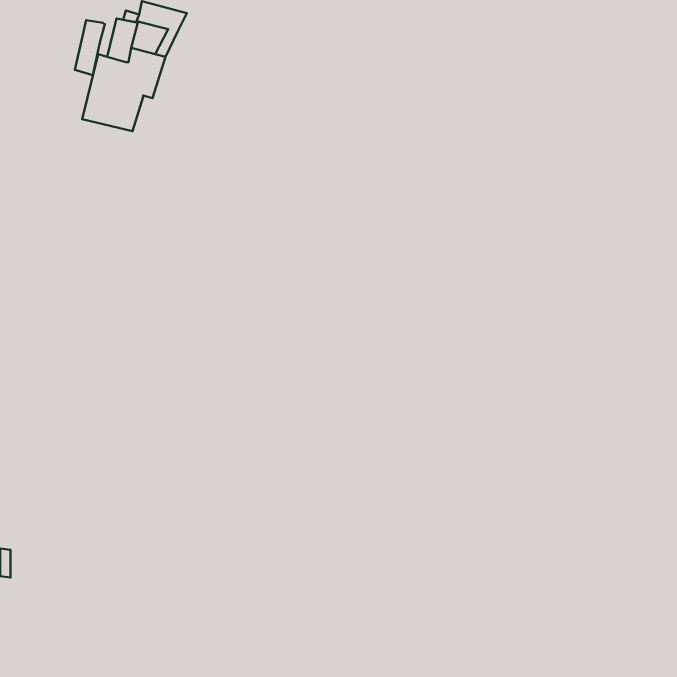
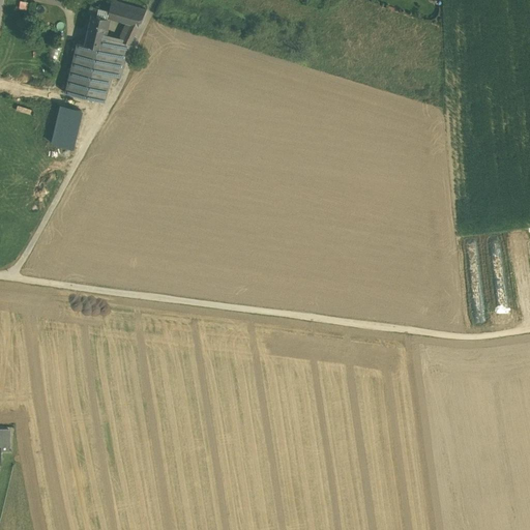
building: [75,20,105,75] -> none
building: none -> [52,106,81,147]

